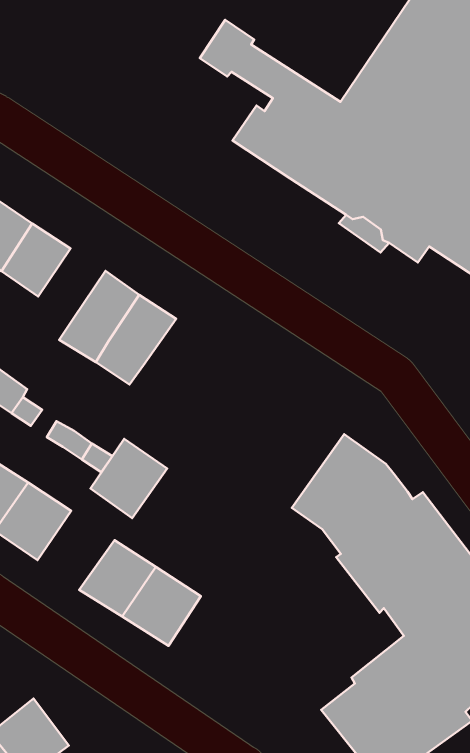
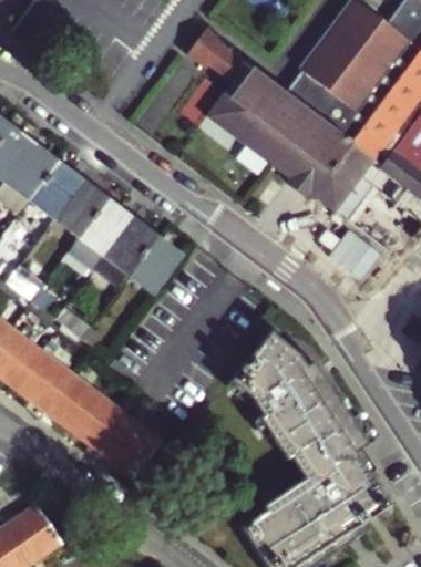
building: none -> [57,183,106,234]
building: none -> [130,238,178,288]
building: [90,439,167,518] -> [44,372,101,430]

